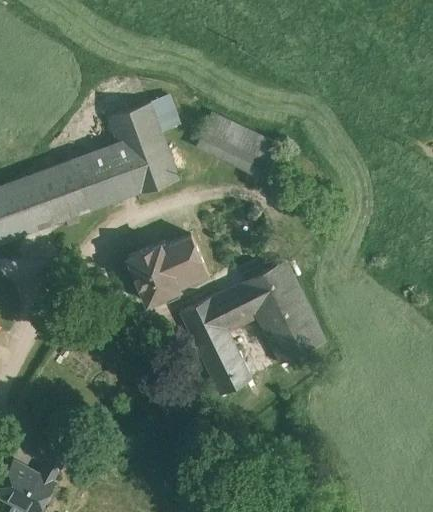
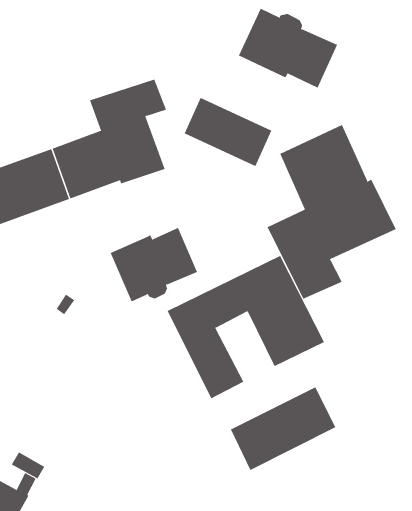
building: none -> [238,8,338,89]
building: none -> [267,124,396,300]
building: none -> [230,387,336,471]

